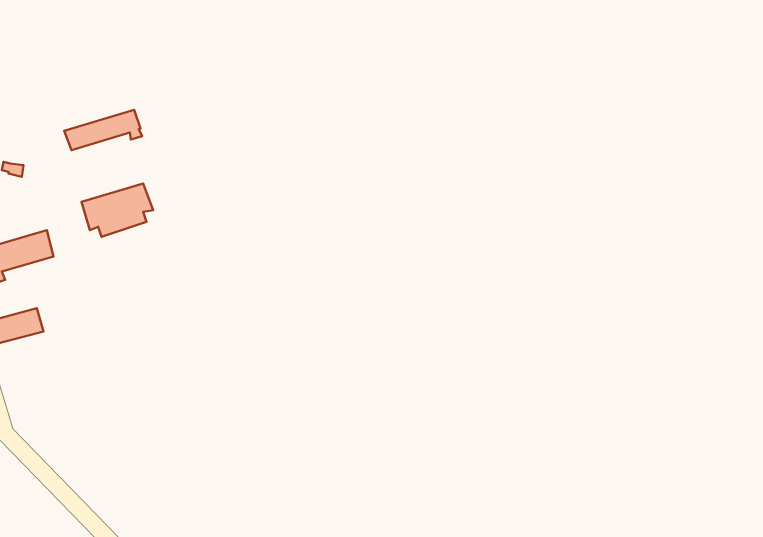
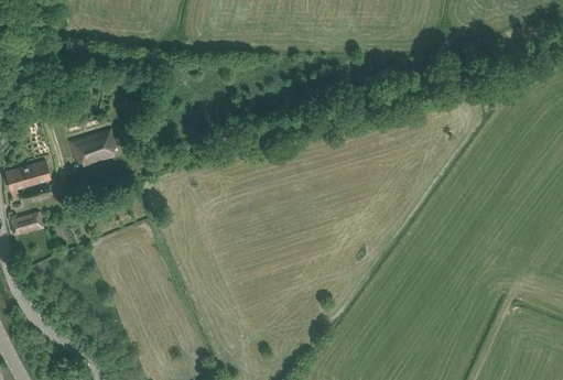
building: [64,110,142,150] -> none

